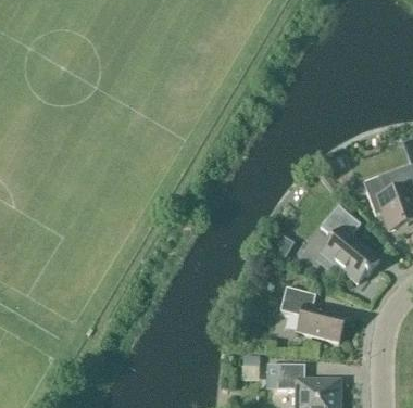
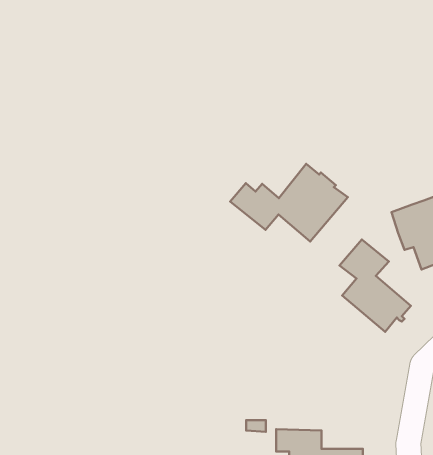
building: none -> [230,164,348,241]
building: [279,285,346,342] -> none

